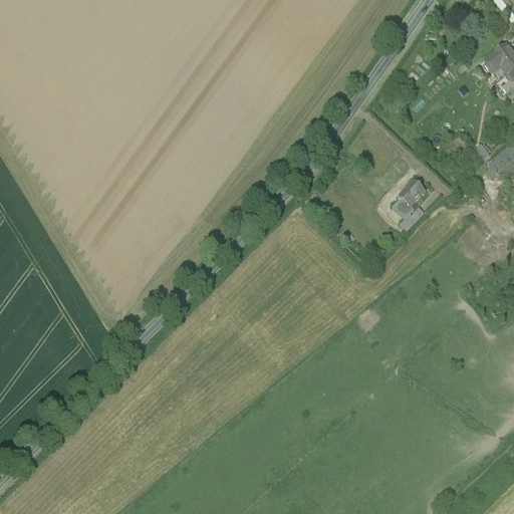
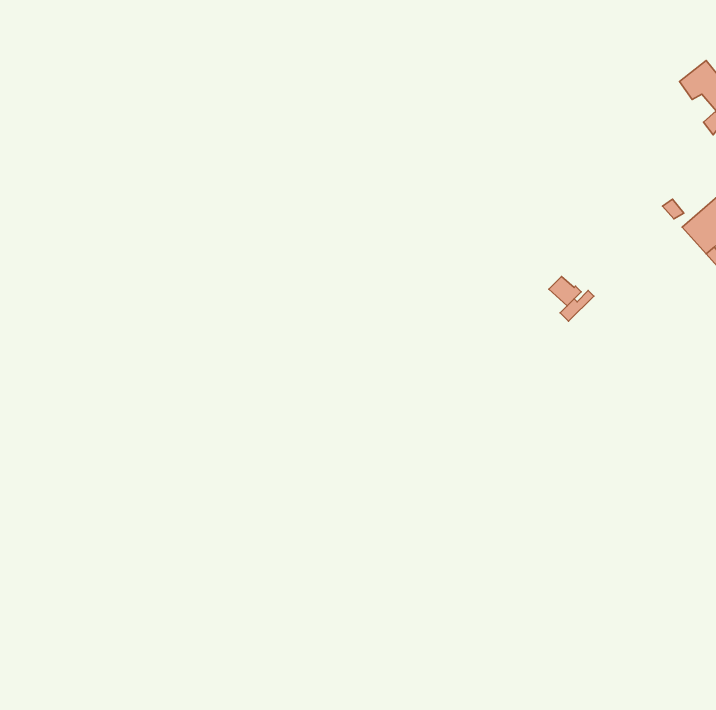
building: [400,179,427,206] -> none

